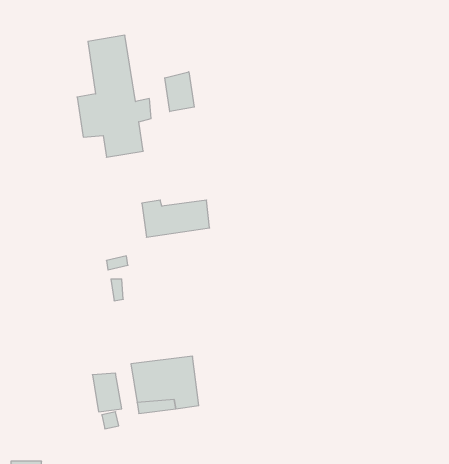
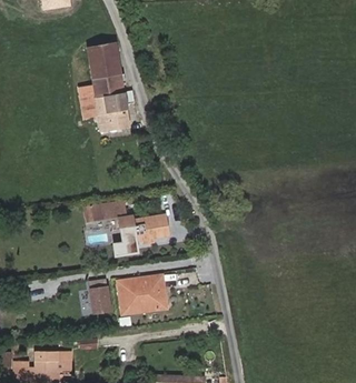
building: [165,72,194,112] -> none
building: [142,200,210,237] -> [119,216,168,243]

